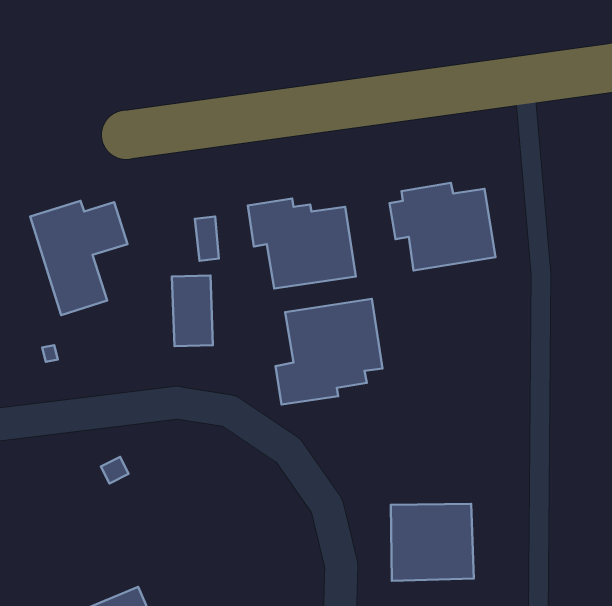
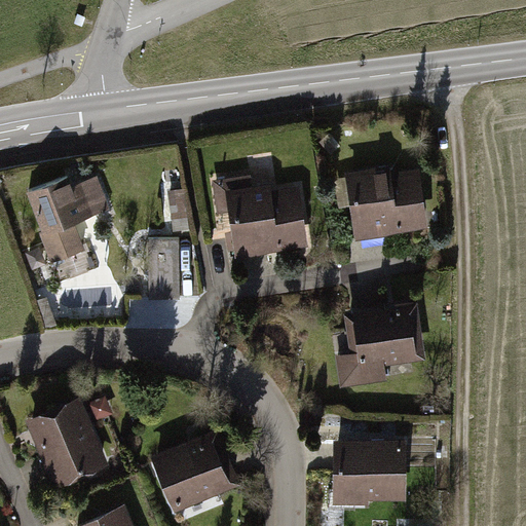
building: [275,299,382,405] -> [336,302,427,392]
building: none -> [28,400,107,484]
building: none -> [152,431,237,514]

